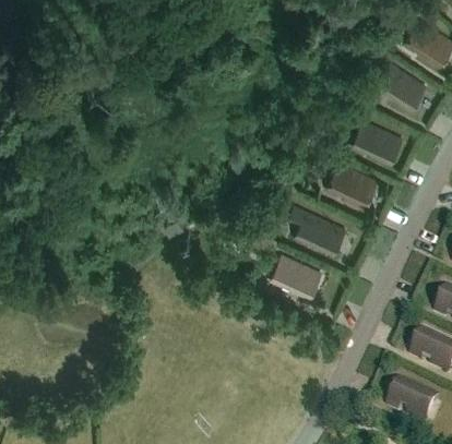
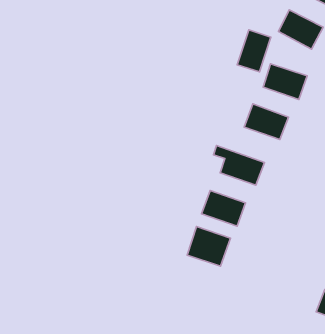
building: none -> [237,30,271,72]
building: none -> [187,226,231,266]

